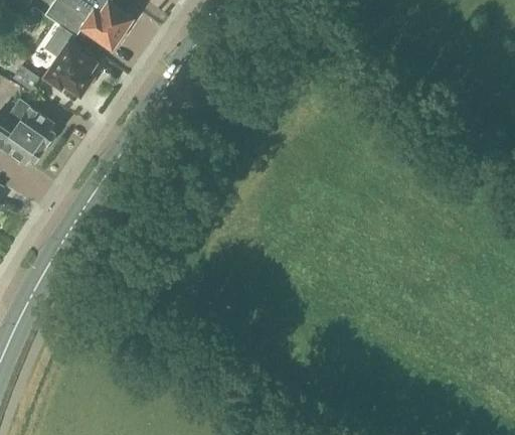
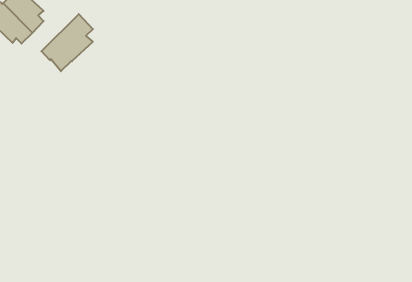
building: none -> [41,14,93,71]

